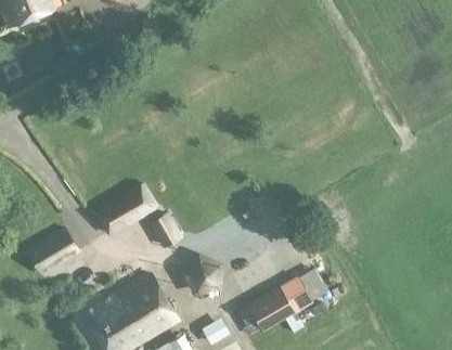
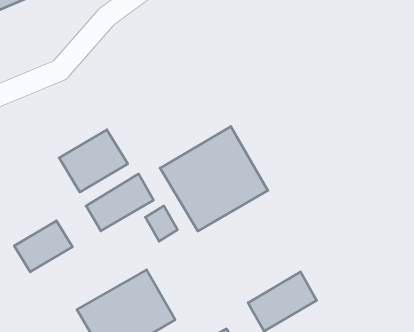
building: none -> [160,126,268,231]
building: none -> [59,130,128,192]

